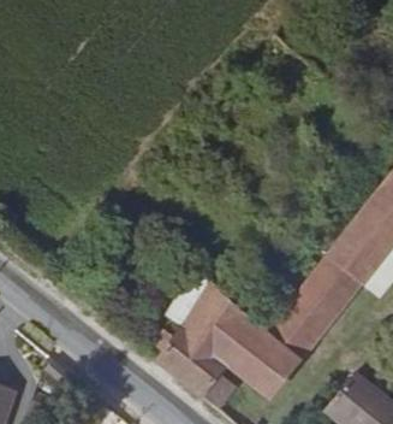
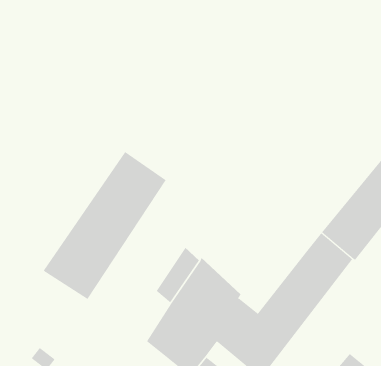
building: none -> [43,151,166,300]

